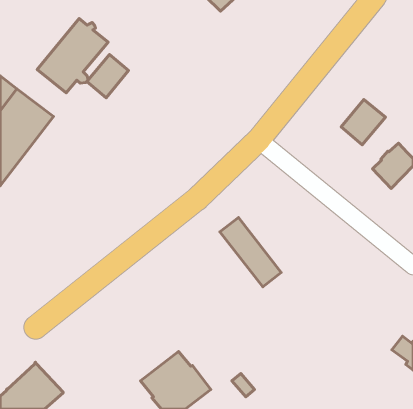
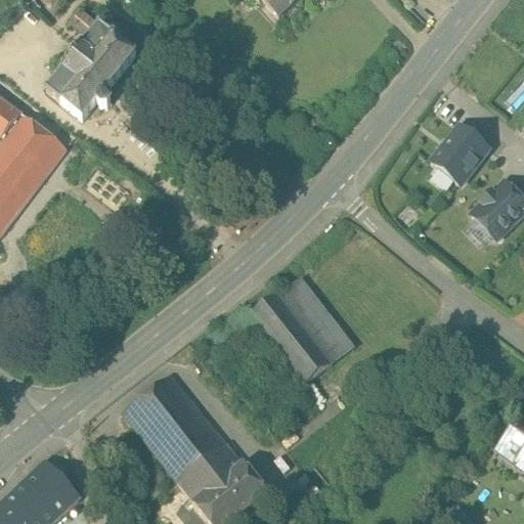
building: [87,55,129,98] -> none
building: none -> [251,294,333,384]
building: none -> [122,376,226,482]

